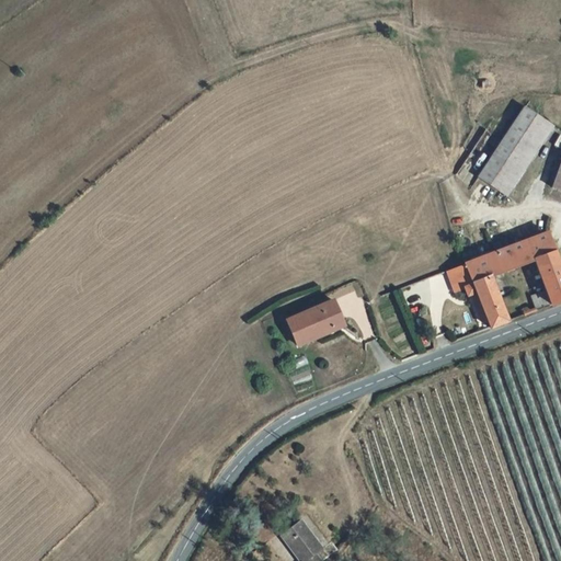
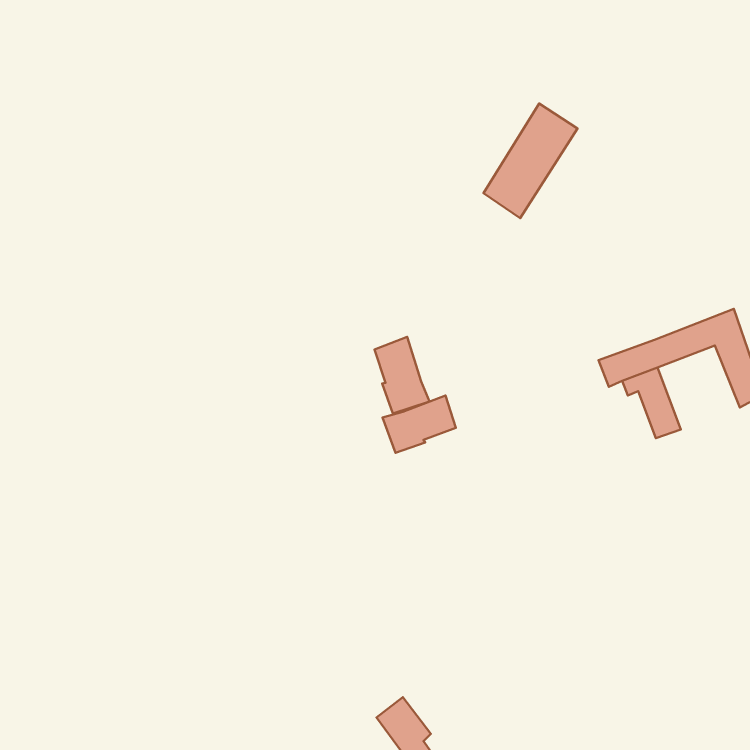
building: [483,110,553,195] -> [483,104,578,218]
building: none -> [374,337,430,414]

